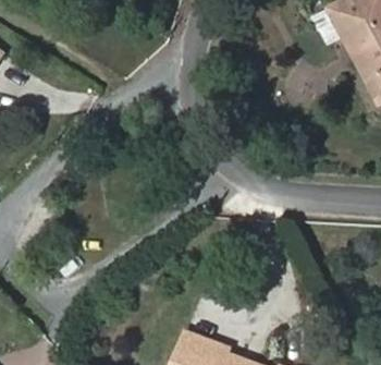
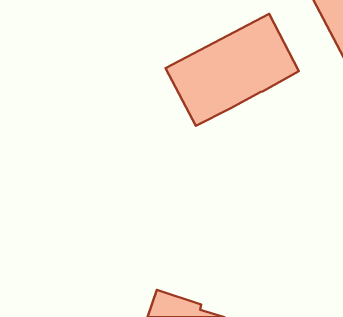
building: none -> [165,14,299,126]

